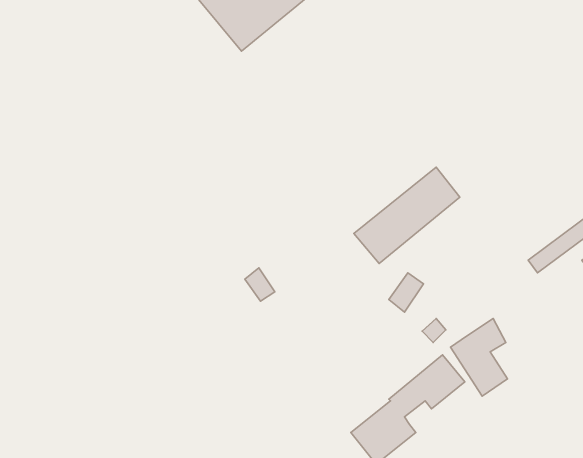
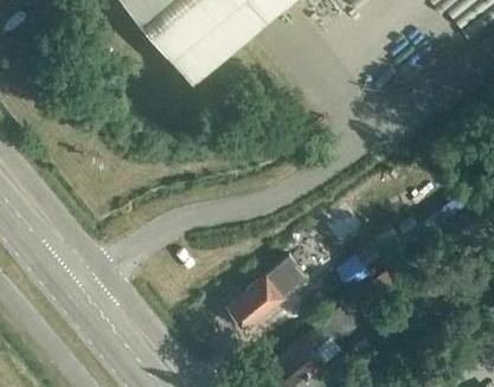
building: [354,167,460,264] -> [226,258,306,330]

